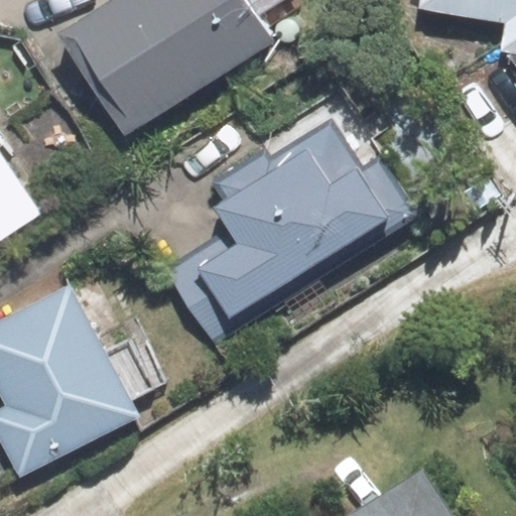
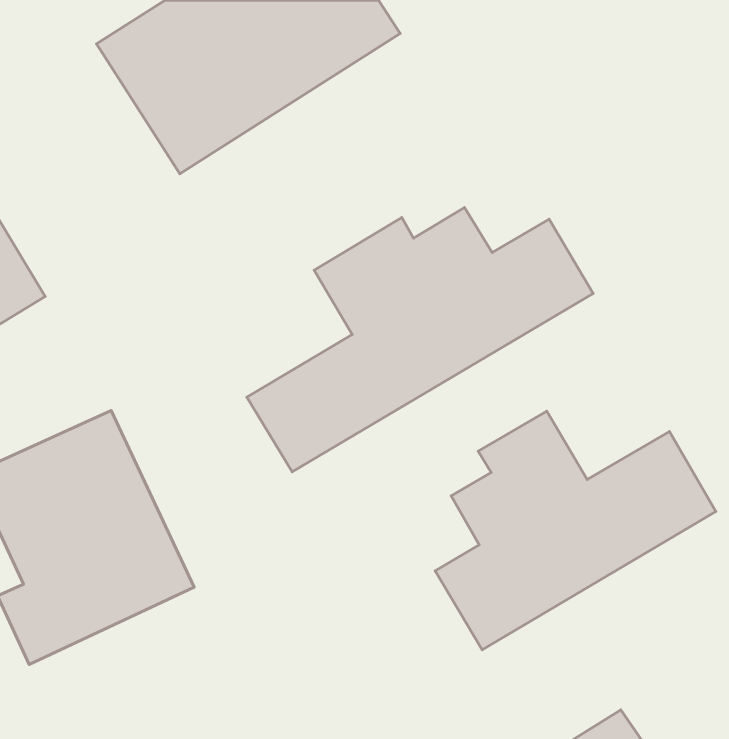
building: none -> [435,411,716,650]

